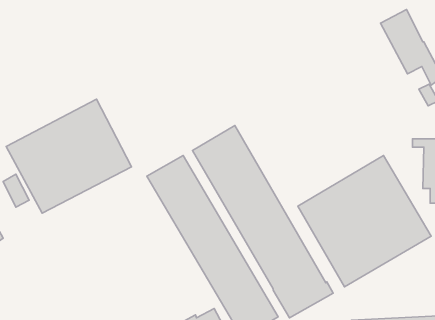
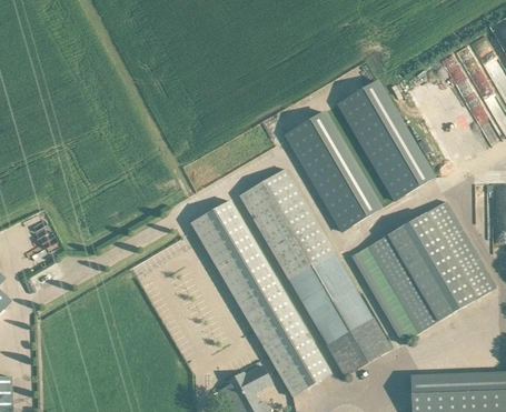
building: none -> [334,77,434,200]
building: none -> [281,109,380,231]
building: [6,99,132,213] -> none

